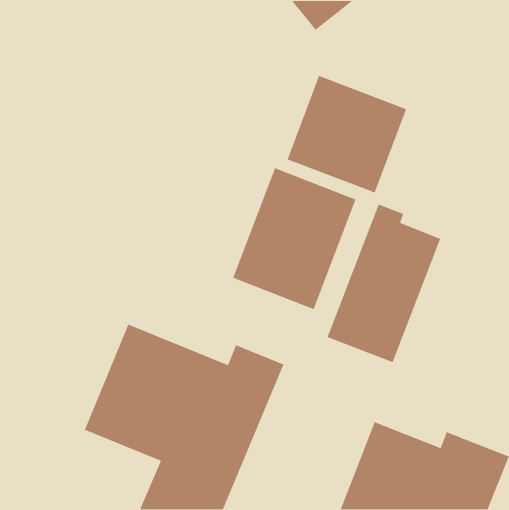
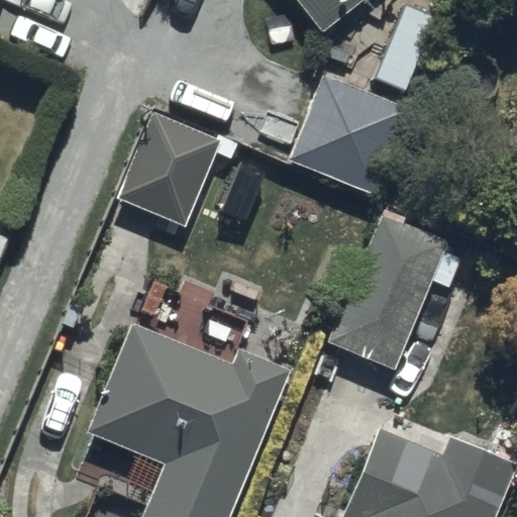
building: none -> [121,114,220,224]
building: [232,167,357,310] -> none

